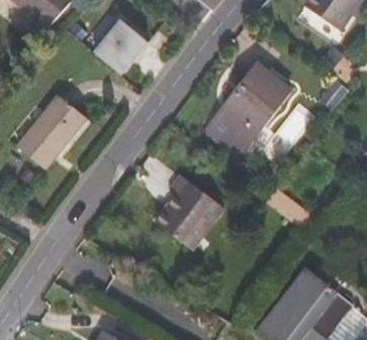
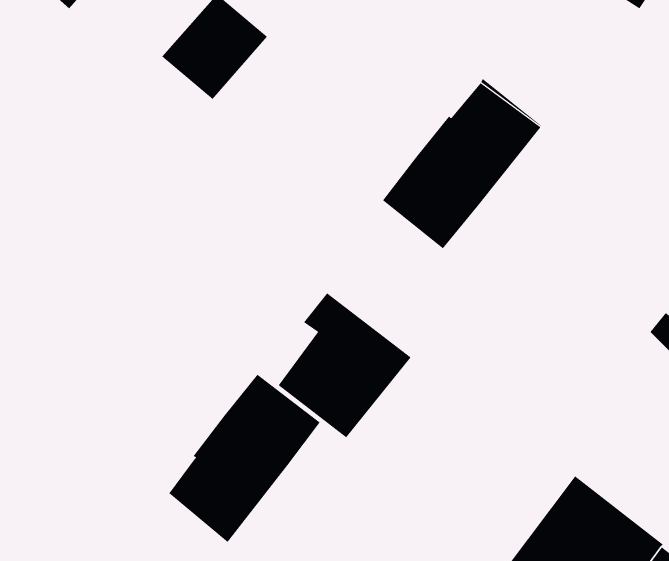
building: [17,95,87,168] -> none
building: none -> [169,374,321,543]

